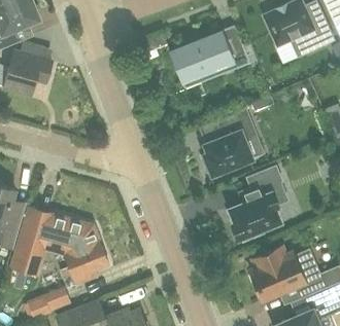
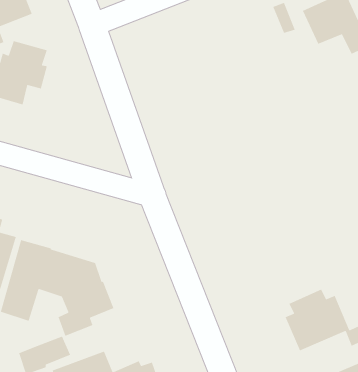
building: [168,30,249,82] -> none
building: [201,108,256,175] -> none
building: [231,164,283,239] -> none

